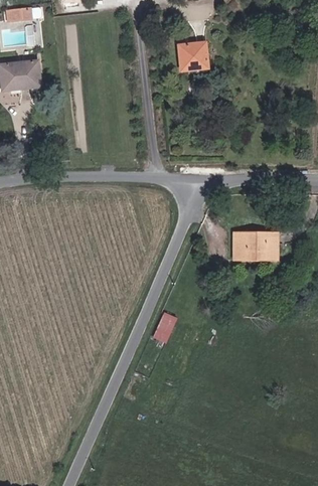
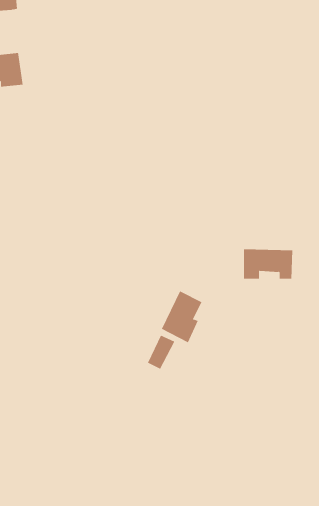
building: [180,41,209,68] -> none
building: none -> [161,291,202,343]

